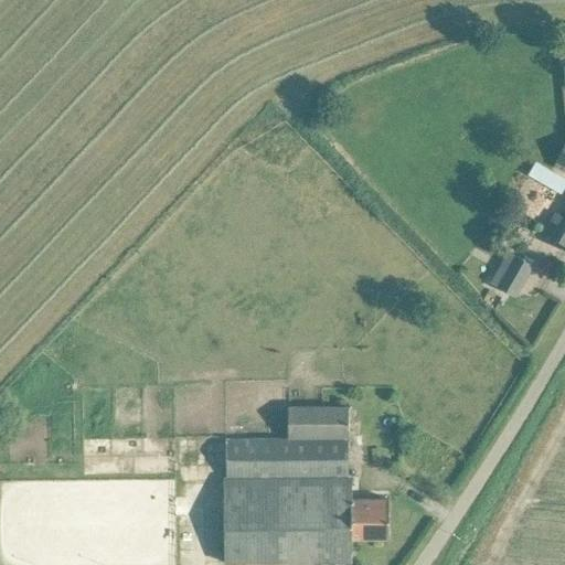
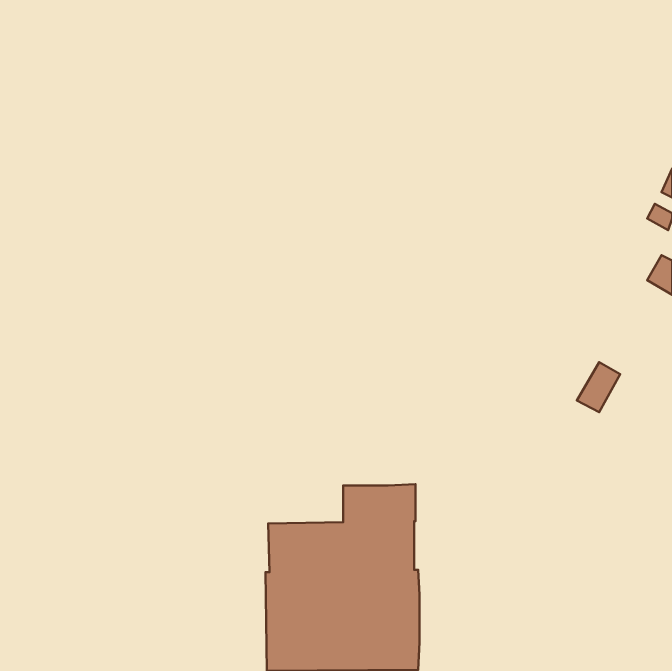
building: [498,256,534,298] -> [577,362,620,412]
building: [352,500,388,540] -> none

